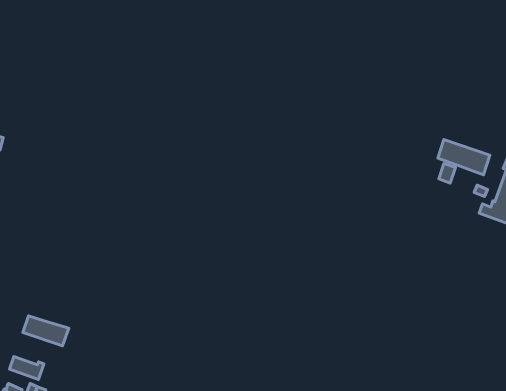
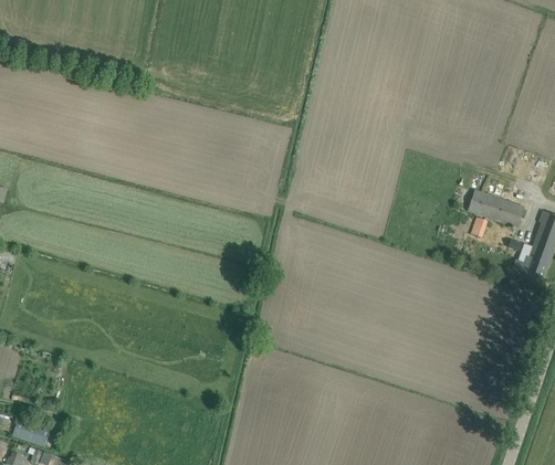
building: [23,316,69,346] -> none

